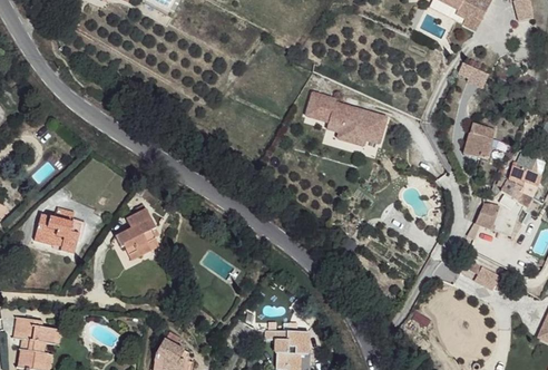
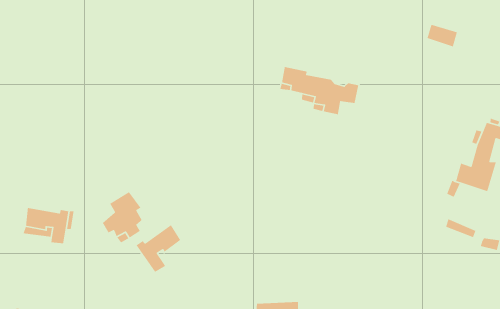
building: [462,123,492,158] -> none
building: none -> [136,224,181,273]

